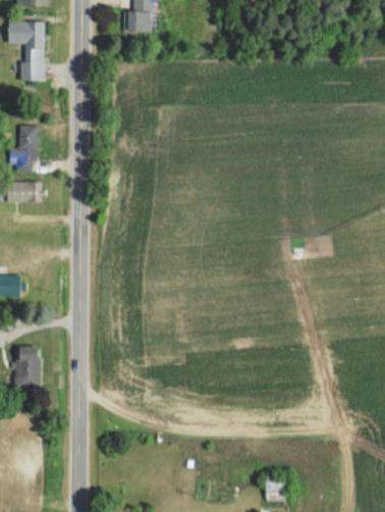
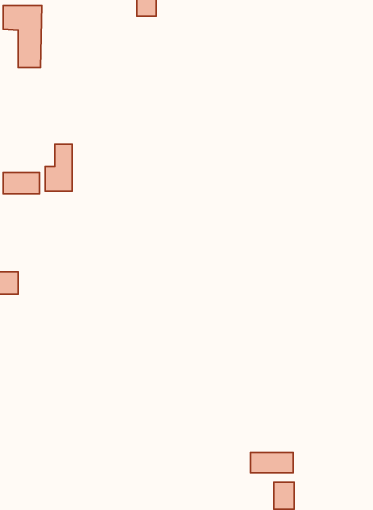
building: [10,125,36,170] -> [45,144,72,191]
building: [16,347,40,389] -> none
building: none -> [250,453,293,473]

